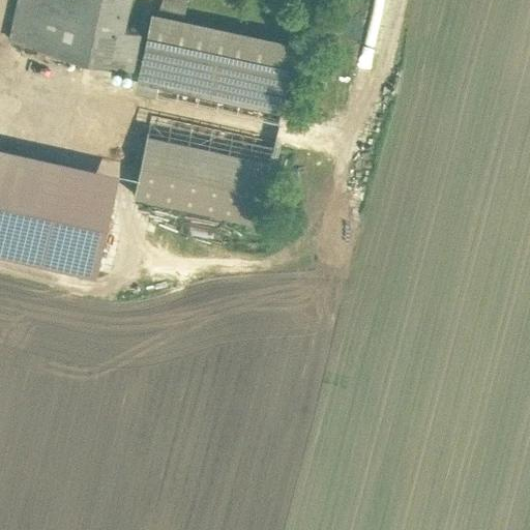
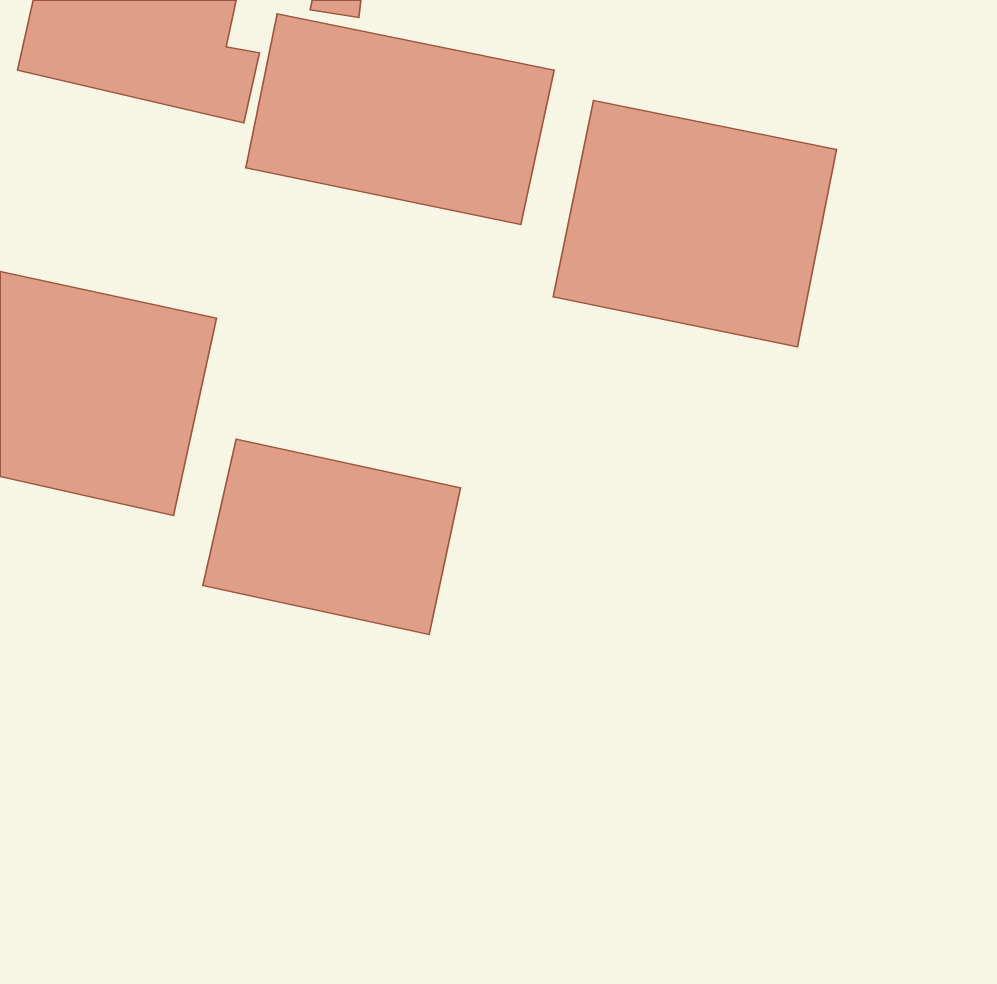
building: none -> [553,100,836,347]
building: [130,122,267,226] -> [203,439,460,634]

